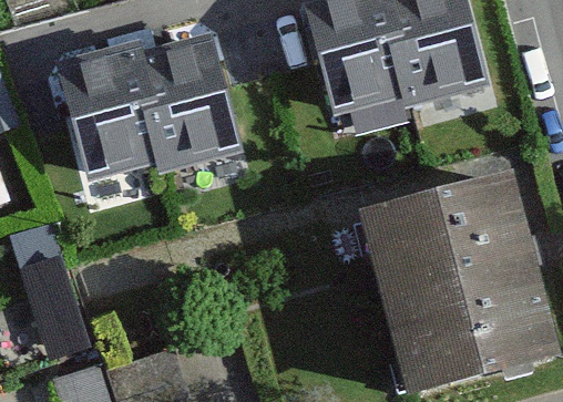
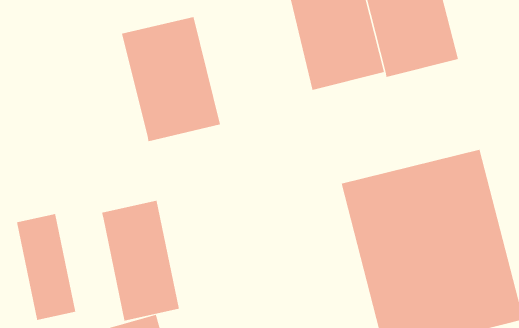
building: [58,44,162,182] -> none
building: none -> [101,200,179,321]

